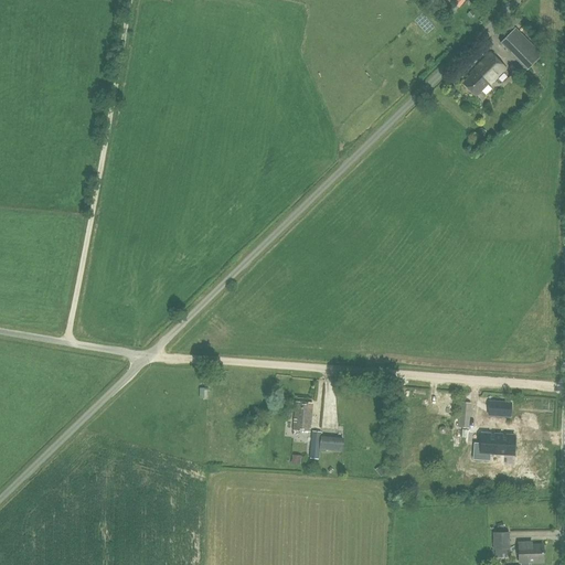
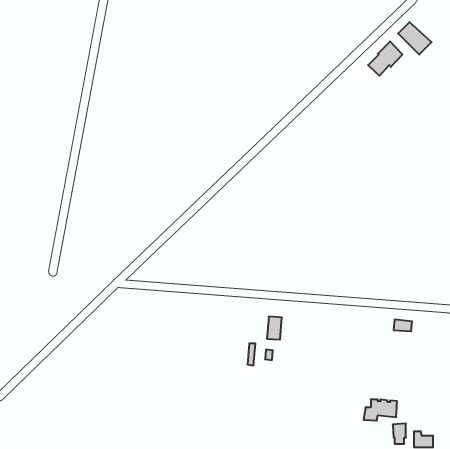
building: [294,401,312,429] -> [267,317,282,340]
building: [471,433,513,459] -> [364,399,397,421]

